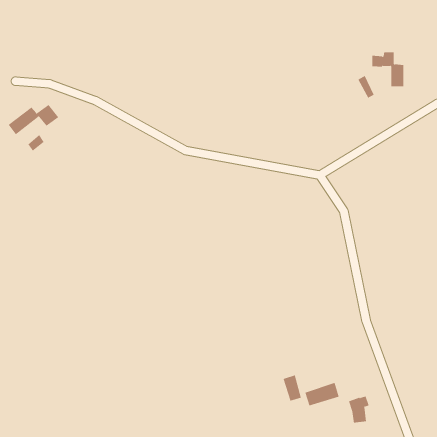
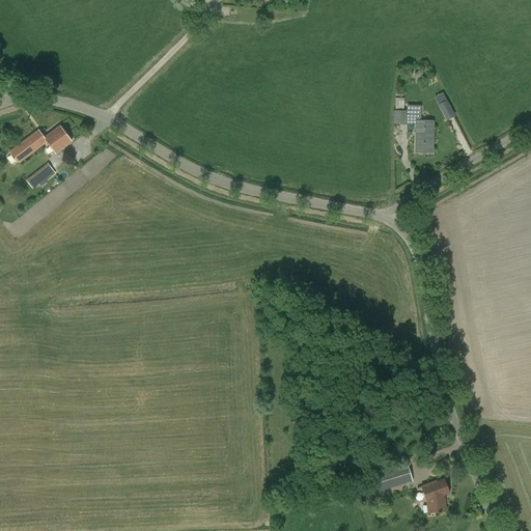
building: [372,52,404,87] -> [393,106,432,148]
building: [283,375,302,402] -> none

